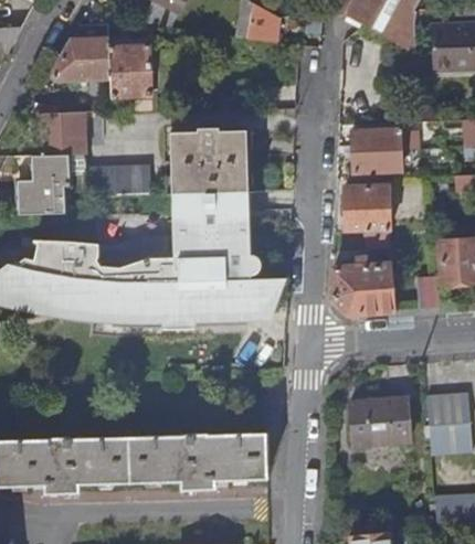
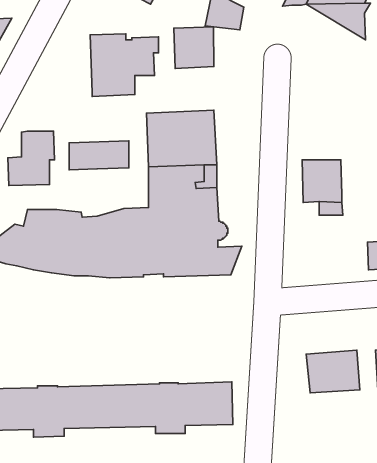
building: [51,24,109,81] -> none
building: none -> [174,27,214,68]
building: [38,111,84,153] -> none
building: [351,128,418,173] -> none
building: [331,256,394,313] -> none

